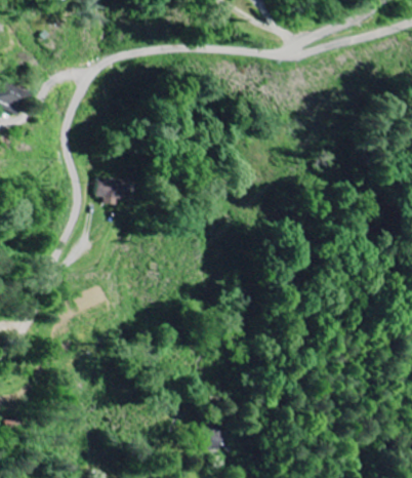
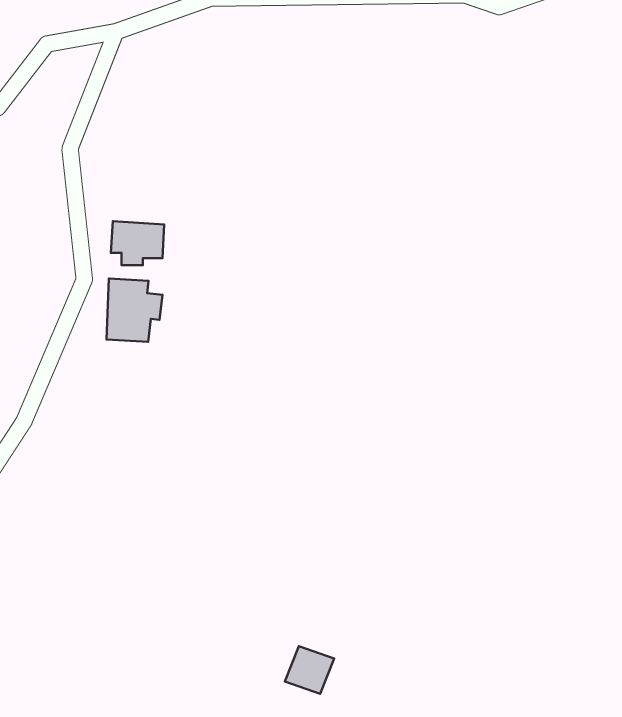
building: none -> [106,279,163,342]

